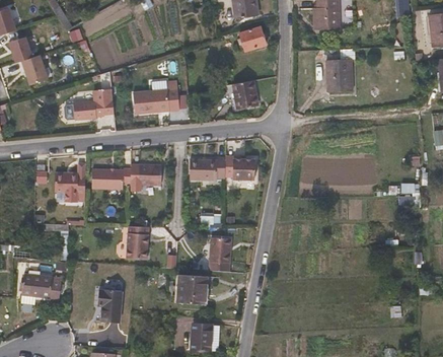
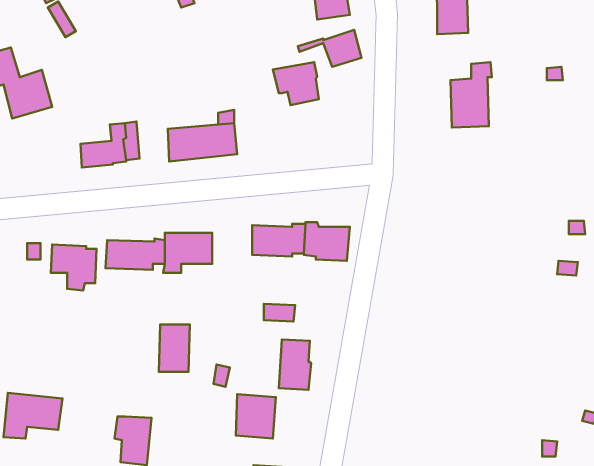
building: [224,79,255,109] -> [273,62,319,105]

